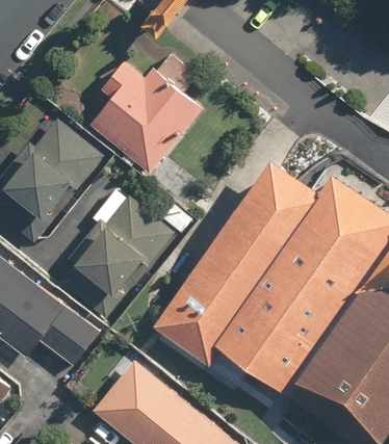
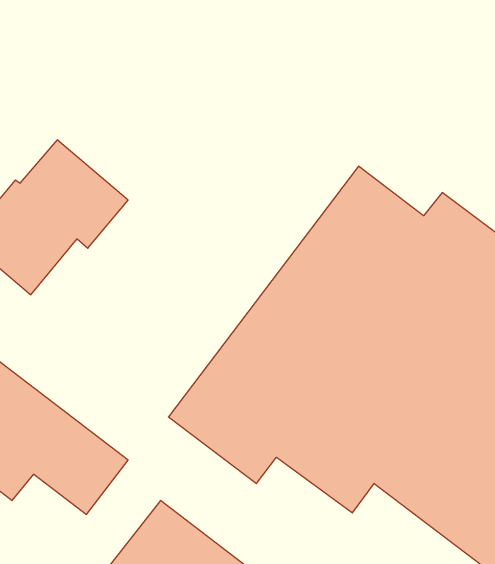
building: [86,67,208,182] -> none
building: [69,194,177,304] -> none

